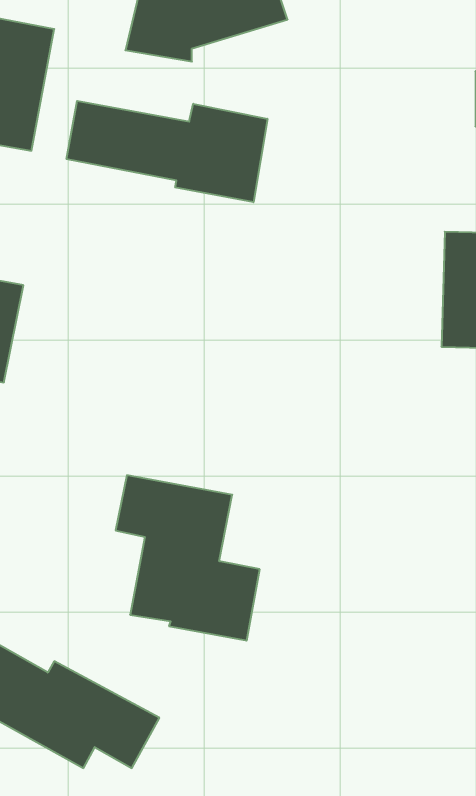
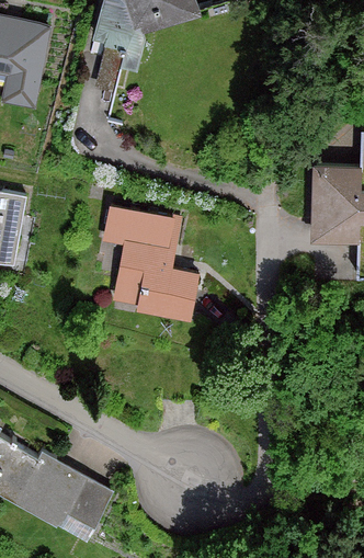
building: [67,101,267,202] -> none
building: [116,475,260,641] -> [103,205,201,317]

